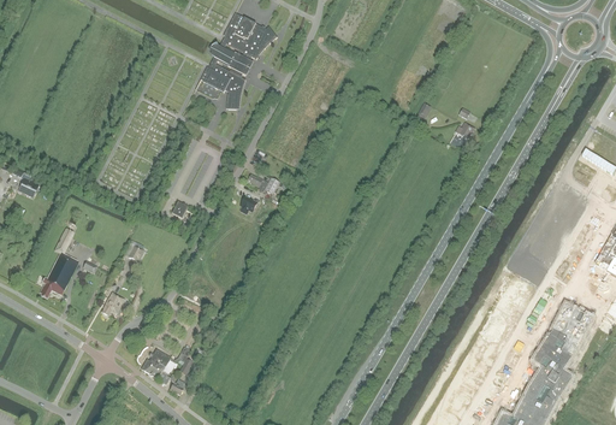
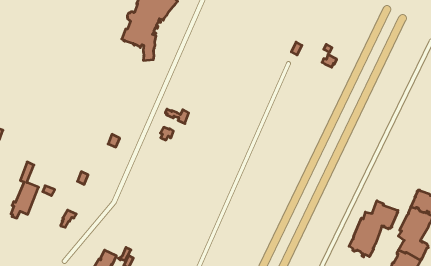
building: none -> [349,201,398,257]

